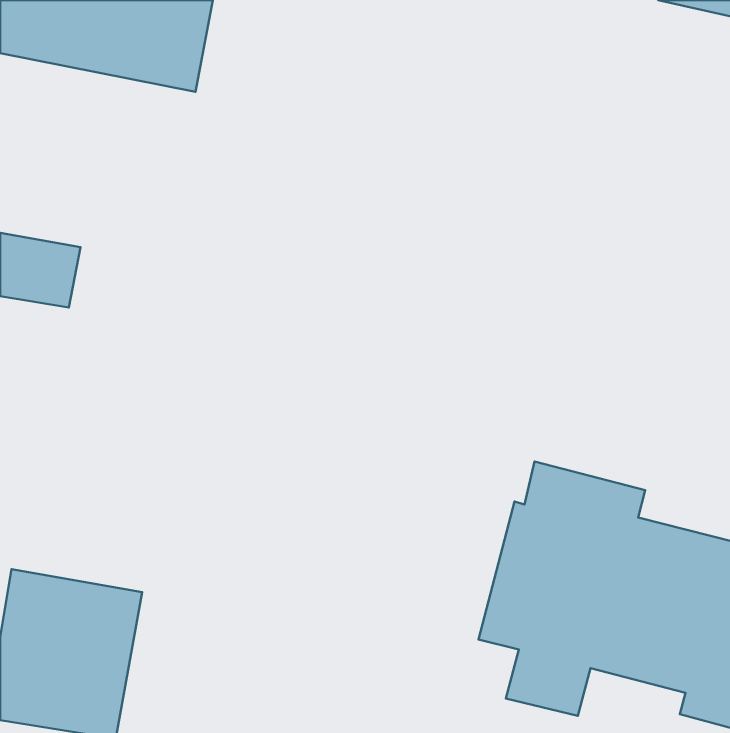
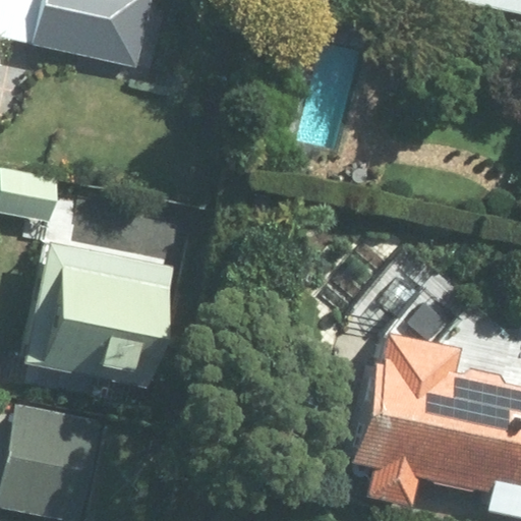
building: none -> [31,240,173,385]

